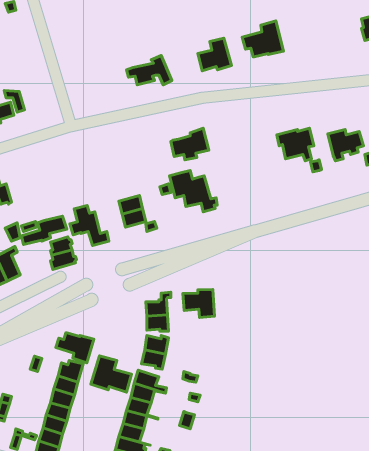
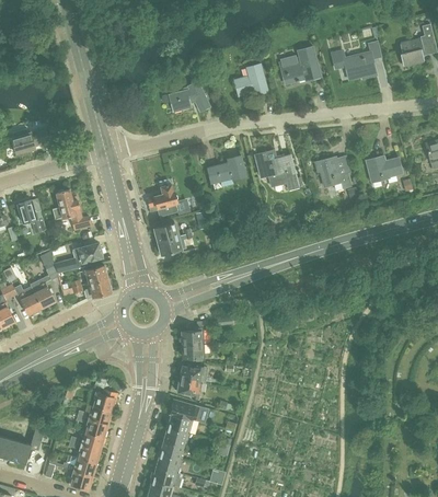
building: none -> [331,41,381,80]
building: none -> [147,180,178,215]
building: [170,171,217,212] -> [254,149,302,190]
building: [70,205,109,246] -> [51,189,91,230]
building: [183,289,214,317] -> none
building: [56,333,94,363] -> none
building: [91,356,132,392] -> none

